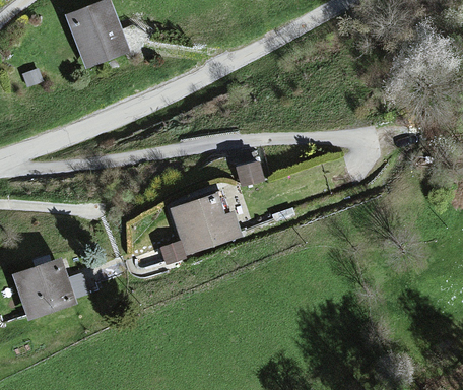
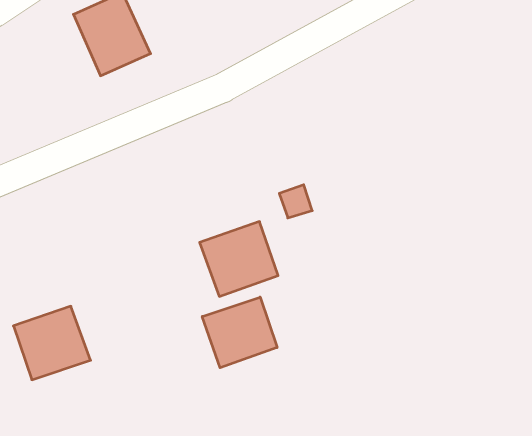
building: none -> [202,297,277,368]

